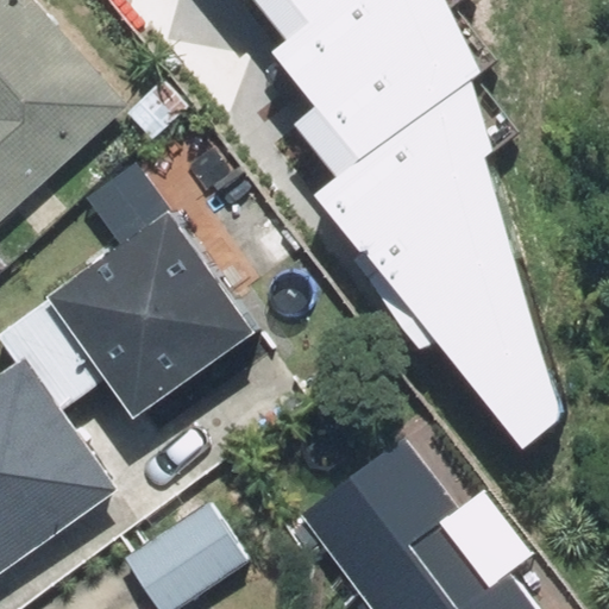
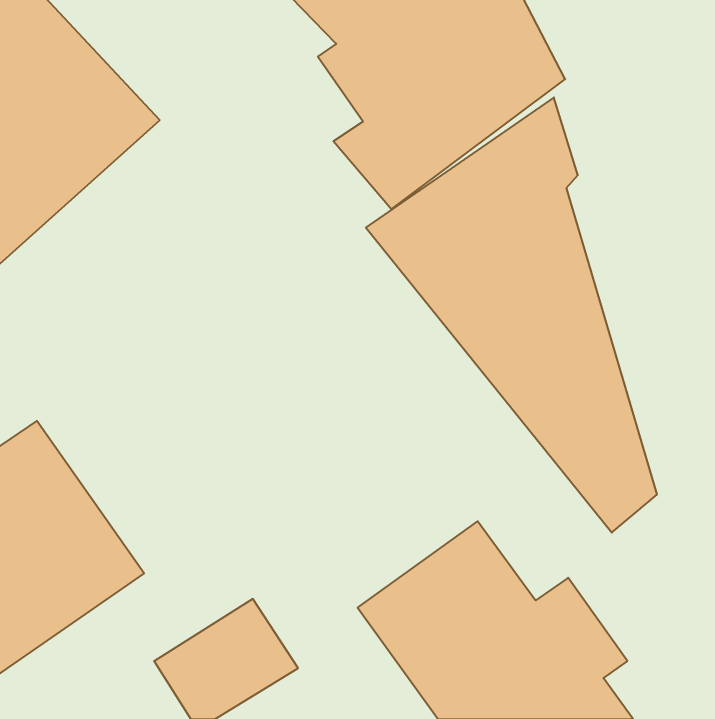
building: [59,209,269,417] -> none

